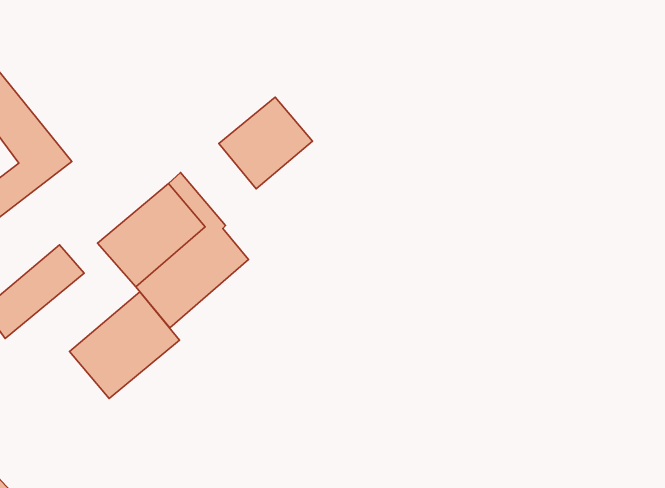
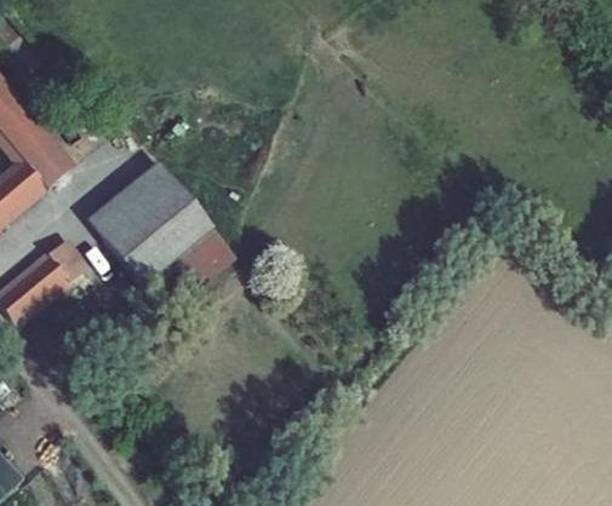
building: [219,97,312,189] -> none
building: [69,292,180,399] -> none

